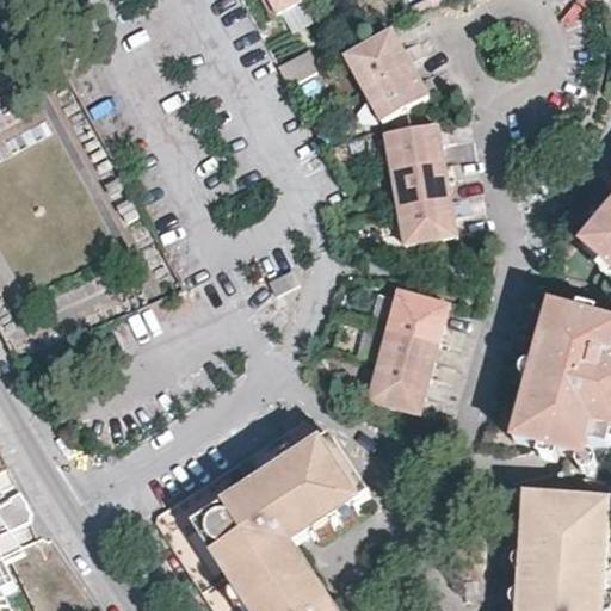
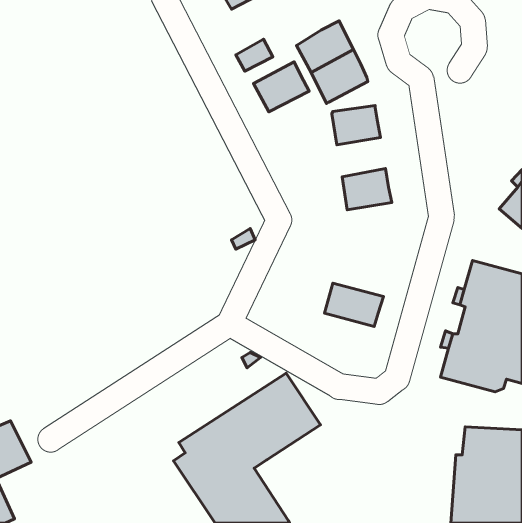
building: none -> [253,62,309,112]
building: [389,159,445,204] -> none
building: [384,289,451,342] -> none
building: [364,362,432,413] -> none

